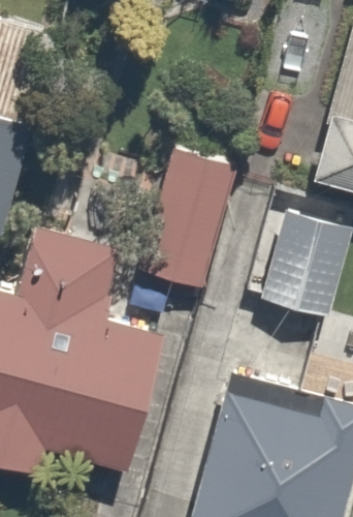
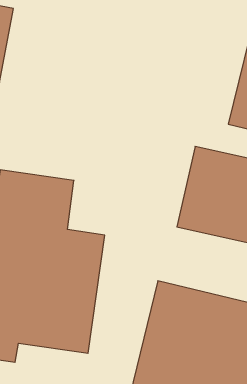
building: [143,151,232,290] -> none

